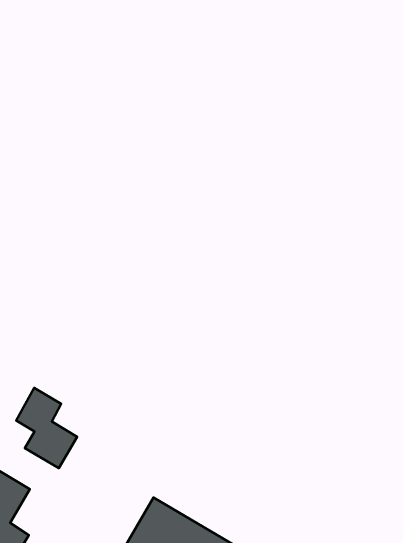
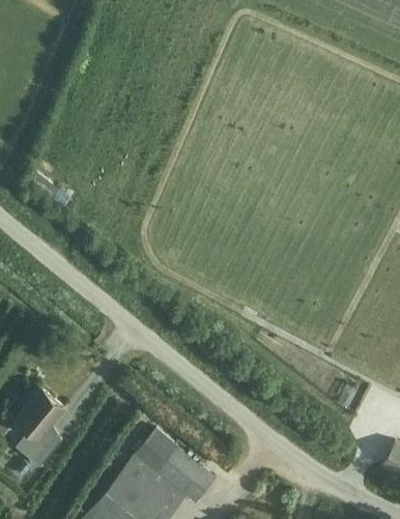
building: [16,388,77,468] -> none

